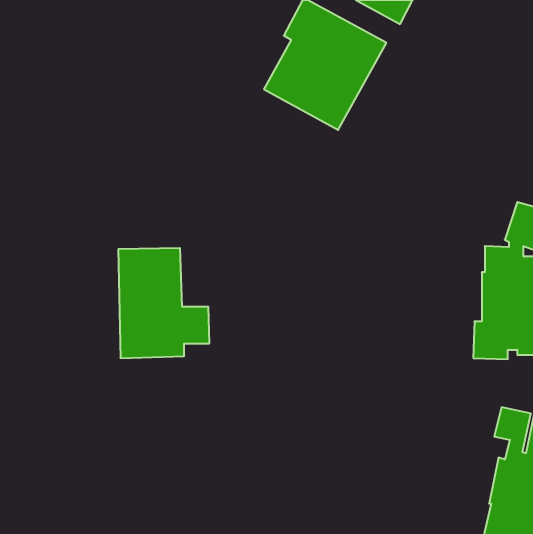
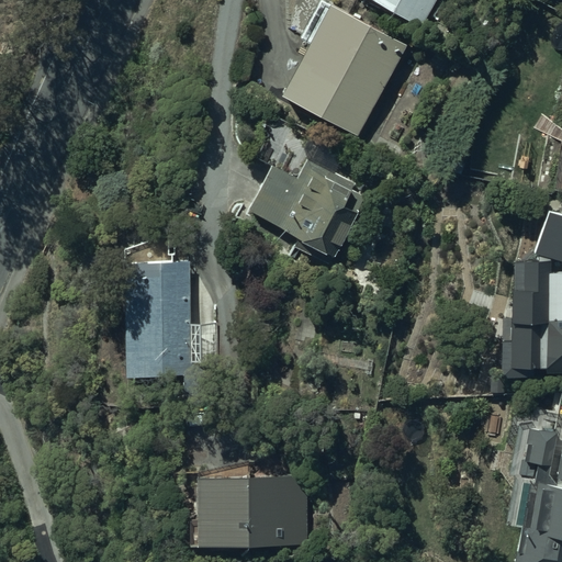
building: none -> [245,122,368,259]
building: none -> [191,475,304,546]

